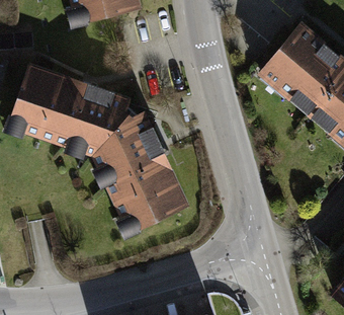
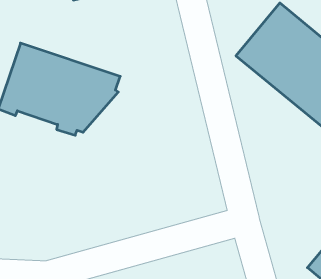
building: [94,111,194,239] -> none

